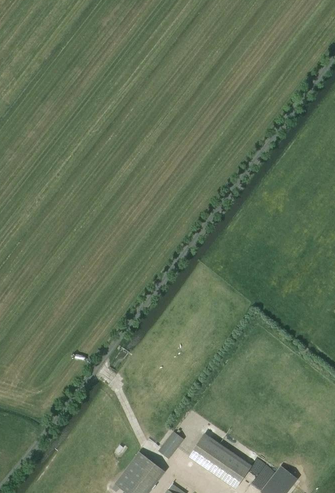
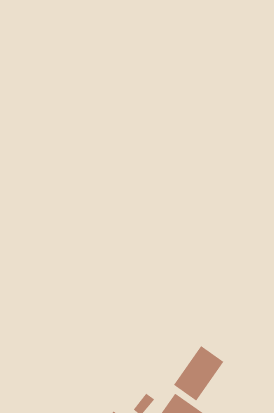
building: none -> [173,345,224,401]

